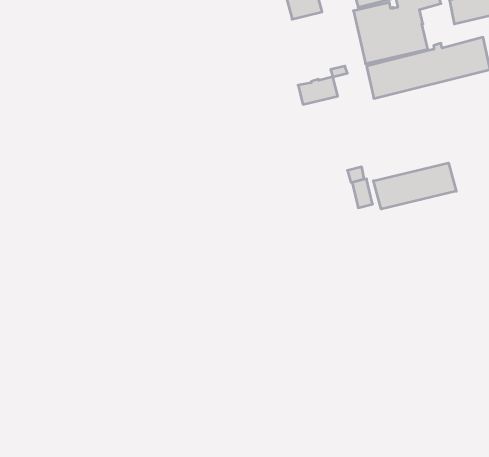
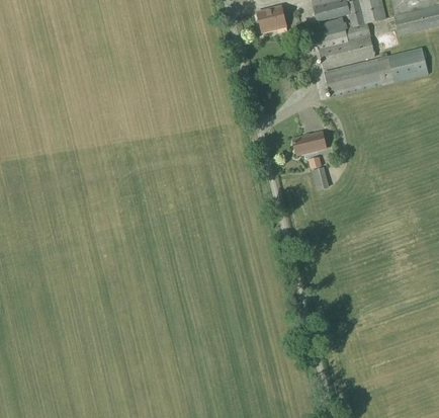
building: [298,77,338,104] -> [292,132,326,155]
building: [373,163,456,209] -> none

